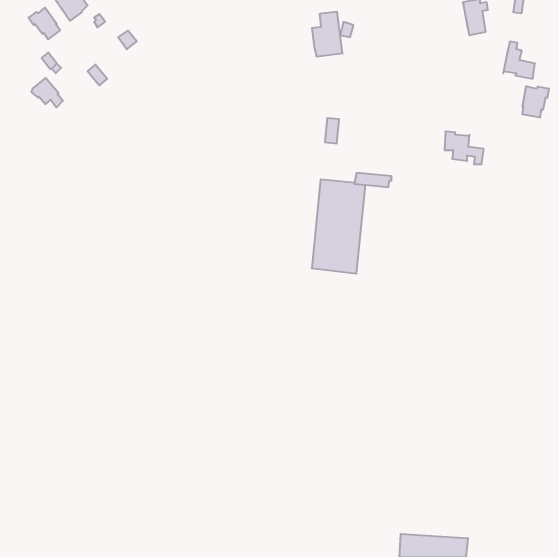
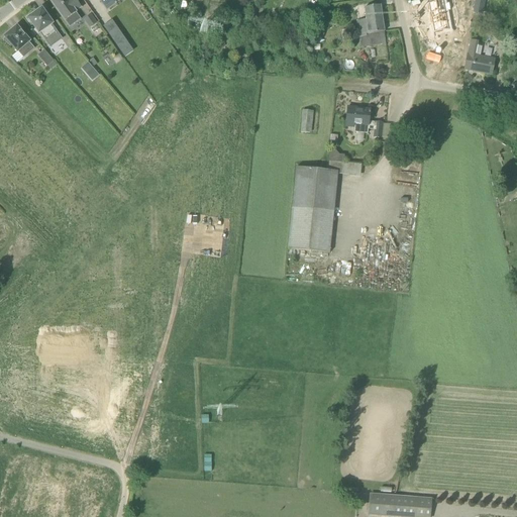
building: [312,12,343,57] -> [357,4,386,45]
building: [31,78,63,107] -> [4,25,33,53]
building: [522,86,549,118] -> none
building: [444,131,484,164] -> [346,105,383,135]

